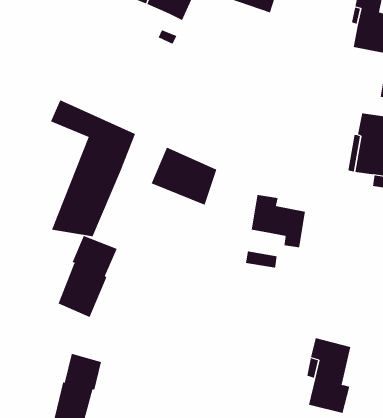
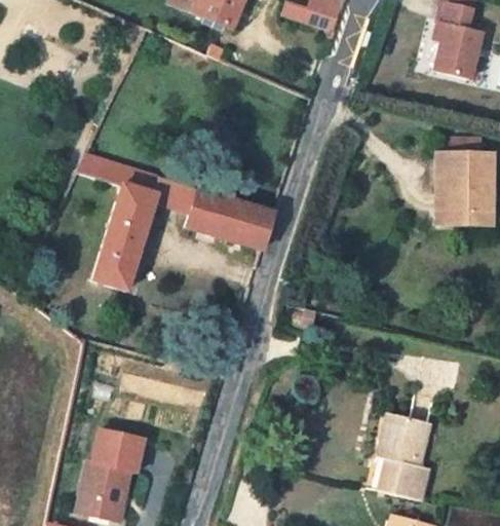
building: none -> [162,172,216,230]
building: [251,194,305,248] -> none
building: [58,235,117,318] -> none

